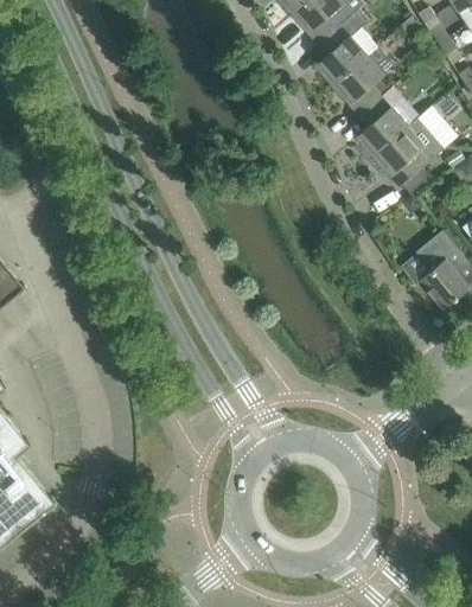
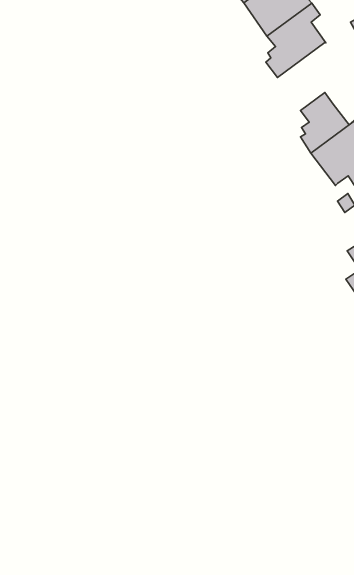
building: [332,46,393,116] -> none

